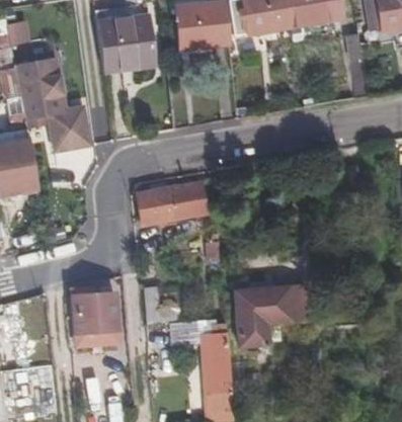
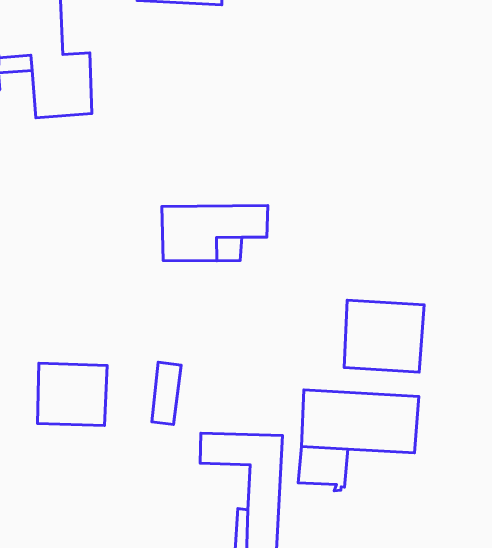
building: none -> [344,300,424,372]

